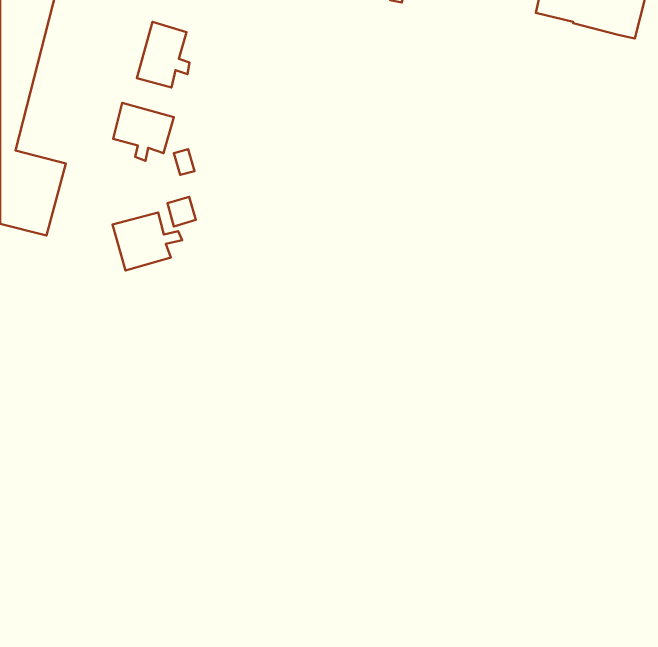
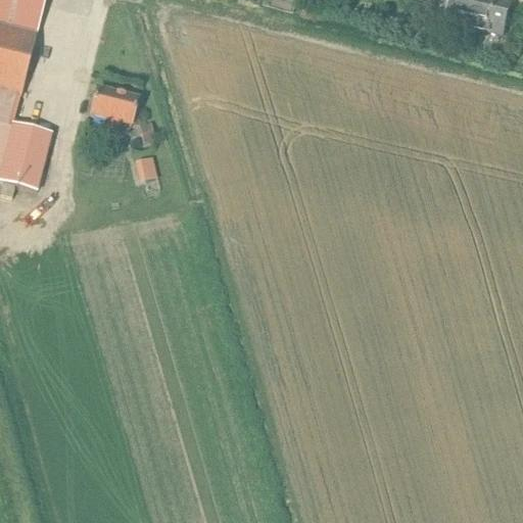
building: [137,22,190,87] -> none
building: [113,213,182,271] -> none

